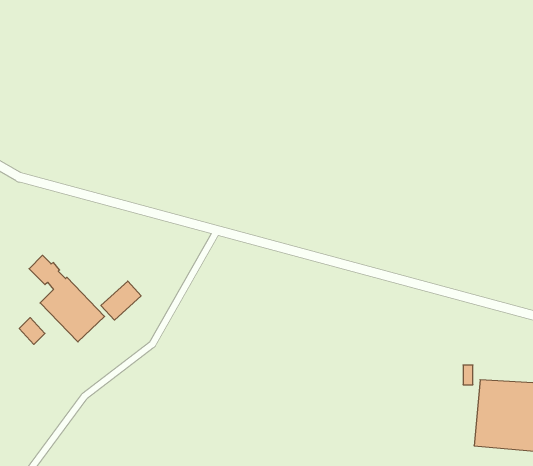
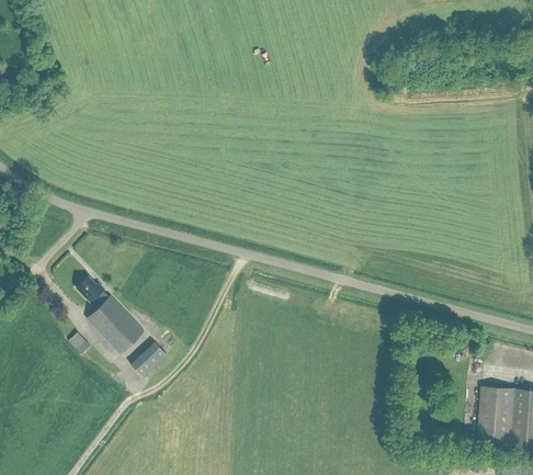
building: [101,281,141,320] -> [131,341,167,376]

